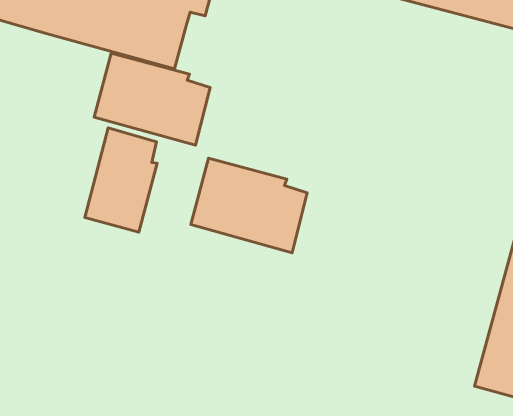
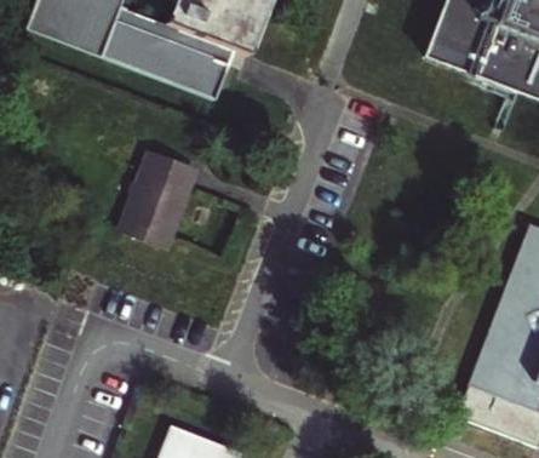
building: [94,53,210,145] -> none
building: [191,158,307,253] -> none

